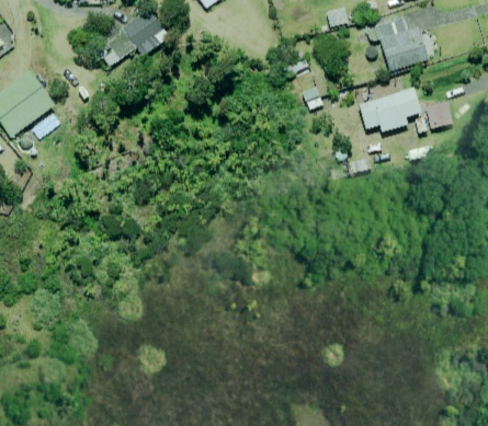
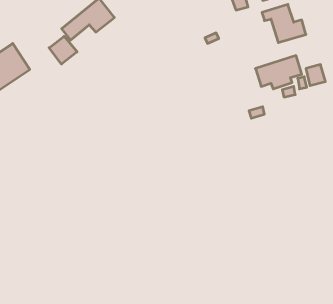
building: none -> [49,36,77,64]

